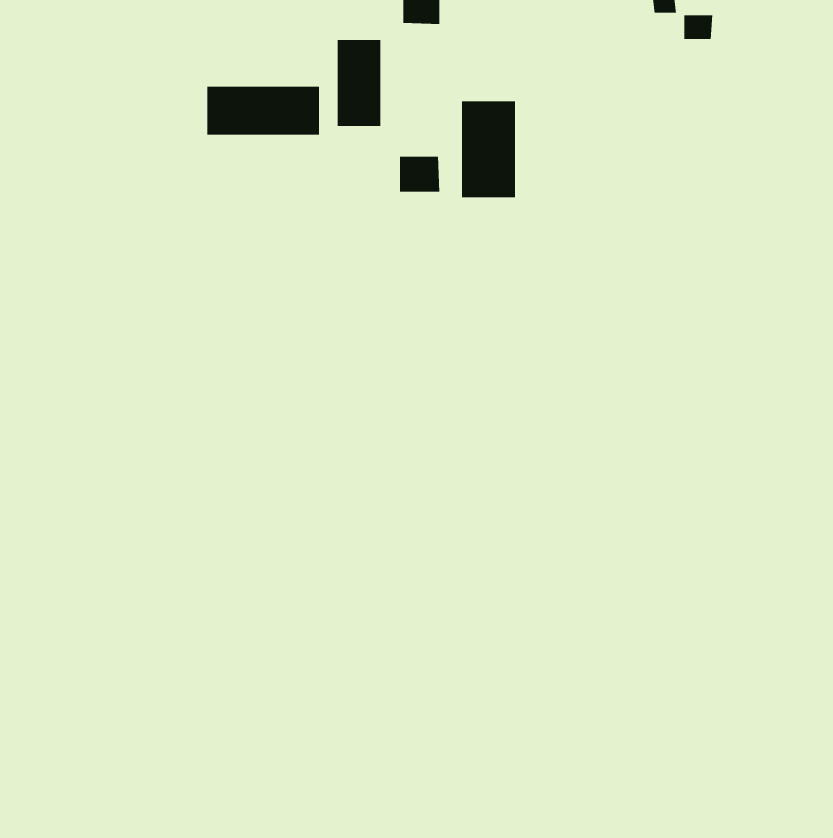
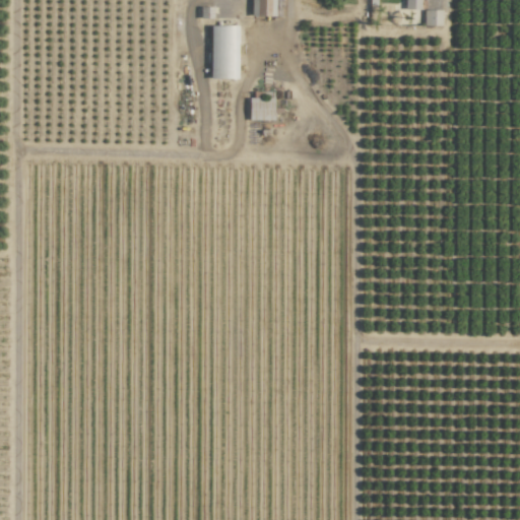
building: [207,86,320,135] -> none
building: [461,101,516,198] -> none

